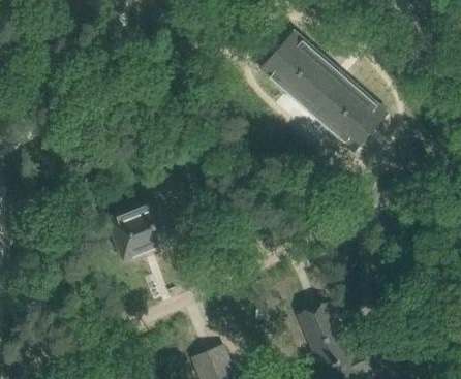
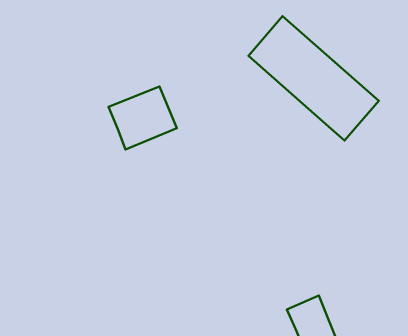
building: [104,199,171,260] -> [108,86,177,150]

